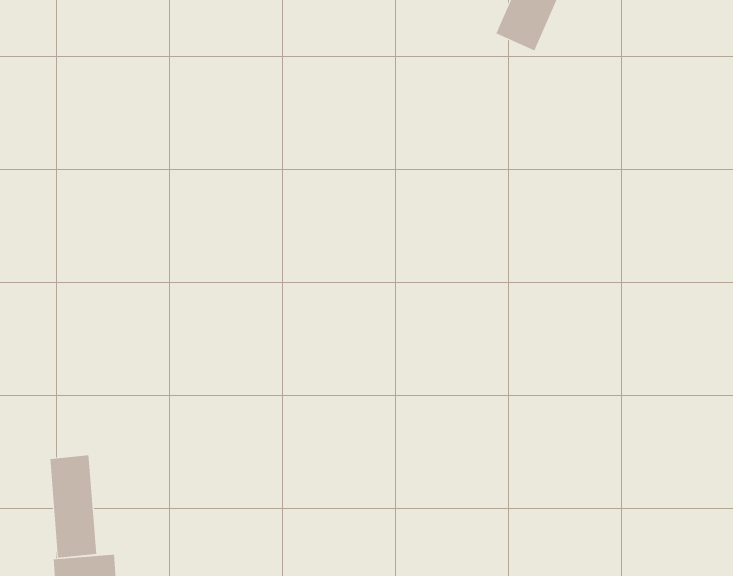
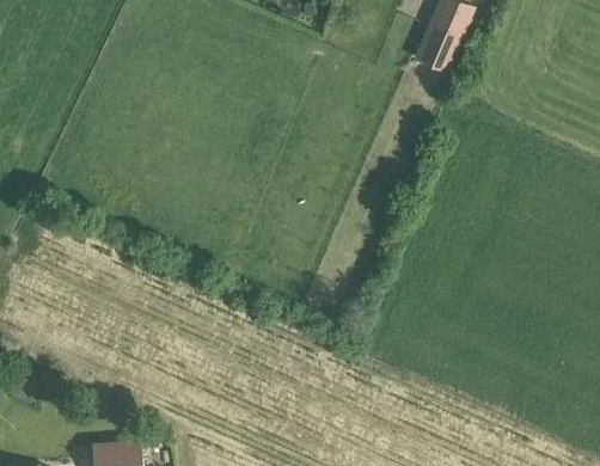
building: [50,455,97,558] -> none

